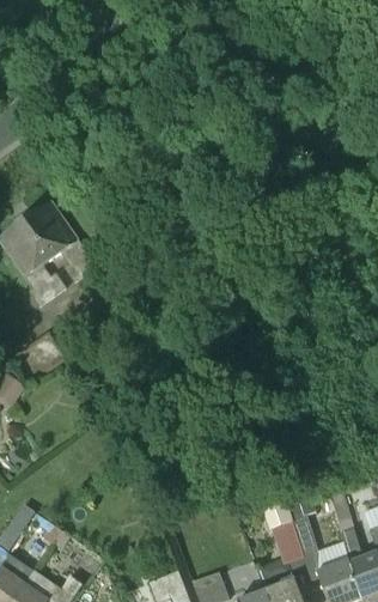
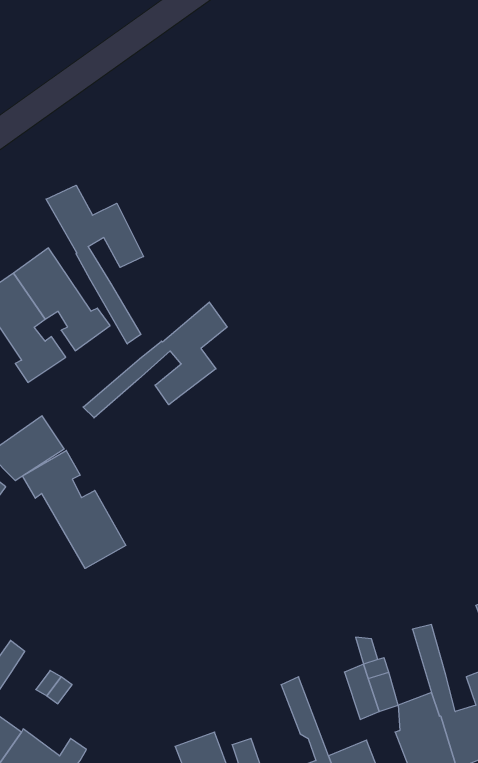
building: none -> [46,185,144,344]
building: none -> [83,302,227,418]
building: none -> [22,450,126,568]

